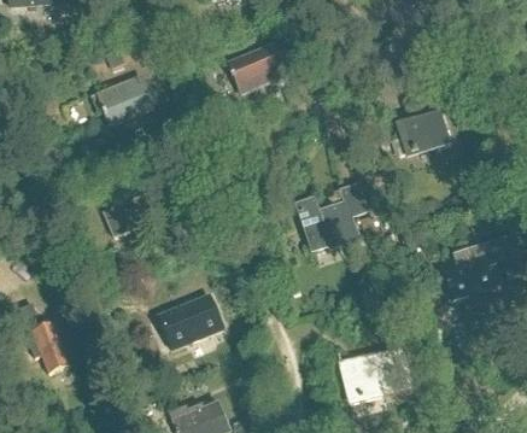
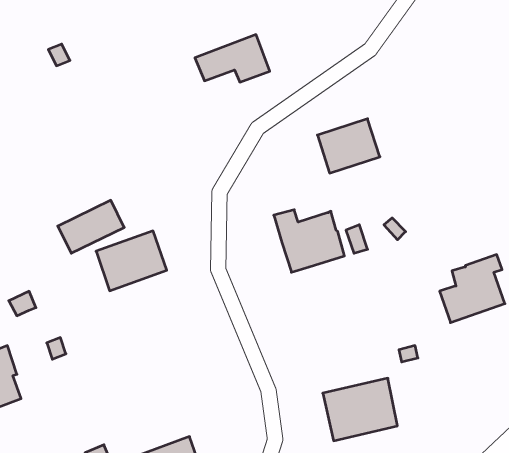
building: [98,74,154,123] -> none
building: [396,107,451,156] -> [317,119,380,173]
building: [159,294,222,347] -> [96,231,167,291]

